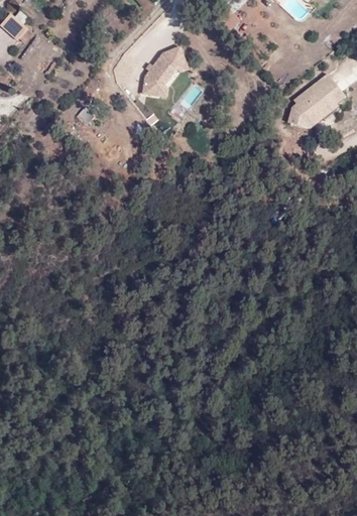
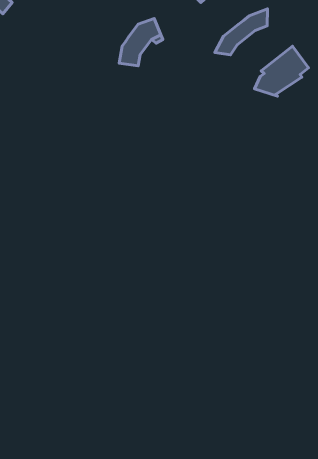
building: none -> [215,9,268,55]

